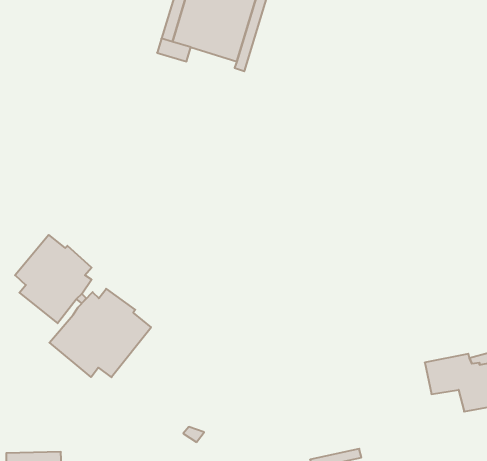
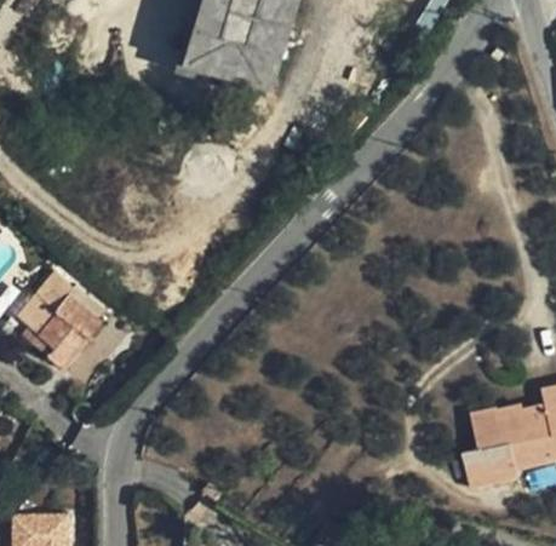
building: [49,289,151,377] -> none
building: none -> [462,443,517,488]

